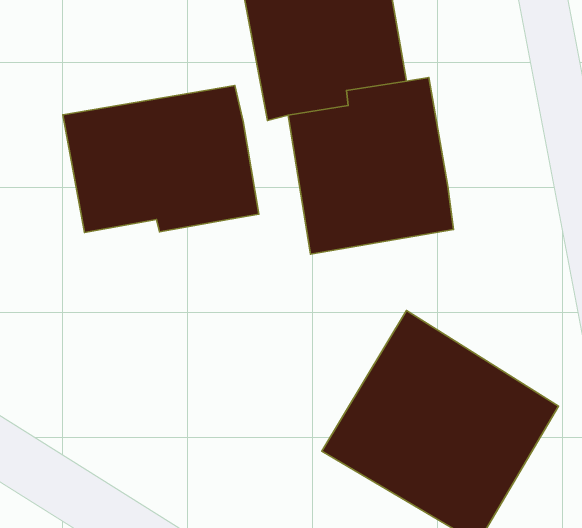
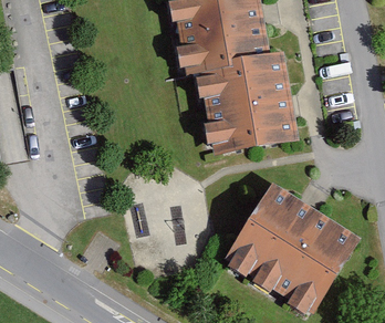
building: [63,85,259,233] -> none

